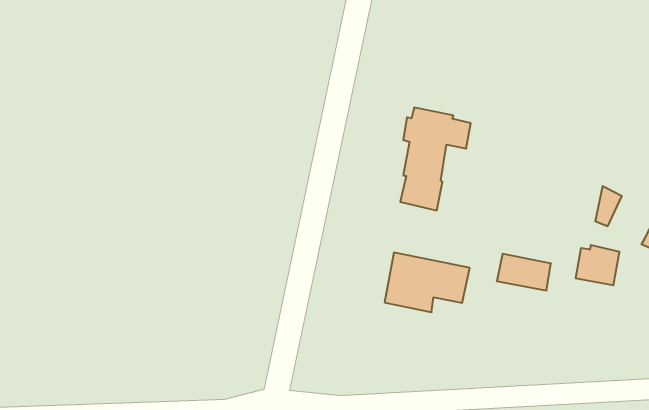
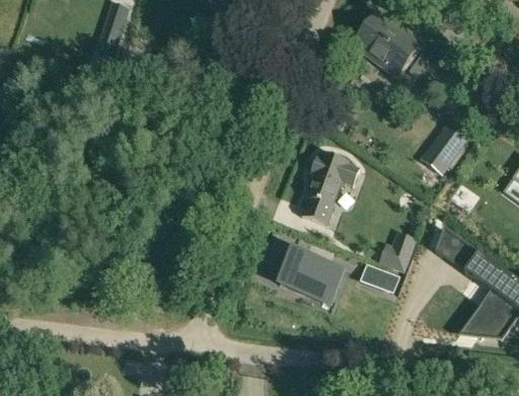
building: none -> [423,117,471,172]
building: [576,245,620,285] -> [379,241,413,271]

